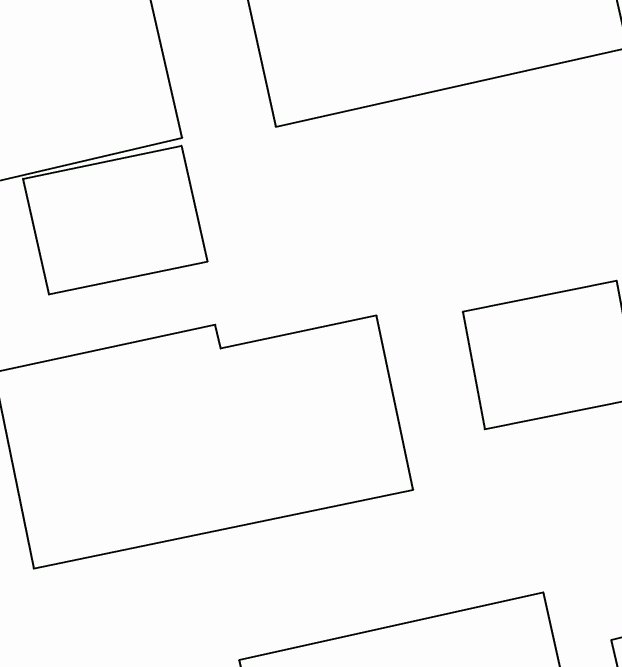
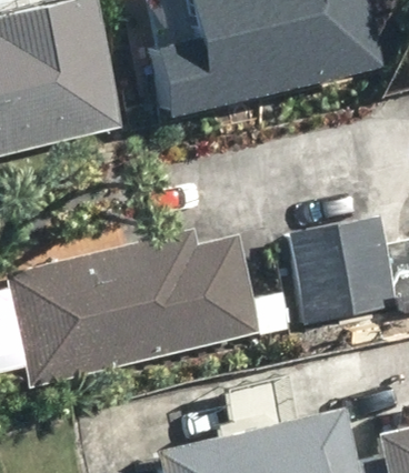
building: [23,146,207,295] -> none

